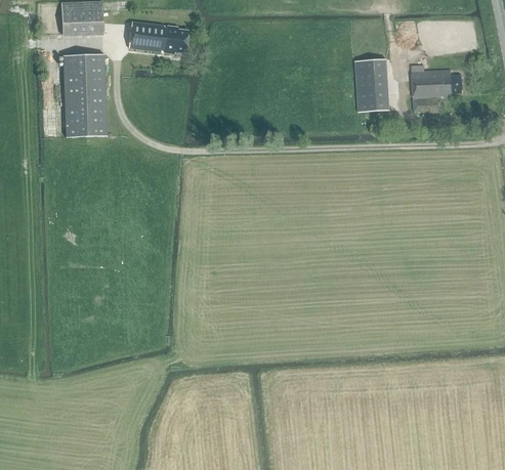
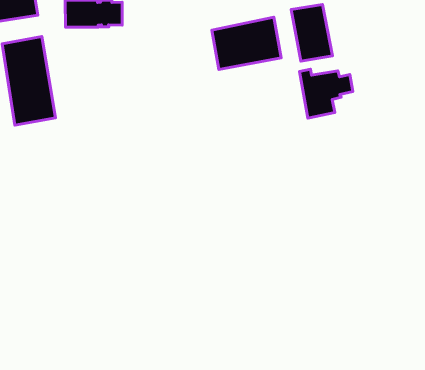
building: none -> [212,17,281,69]
building: [412,65,462,113] -> [300,69,353,118]

